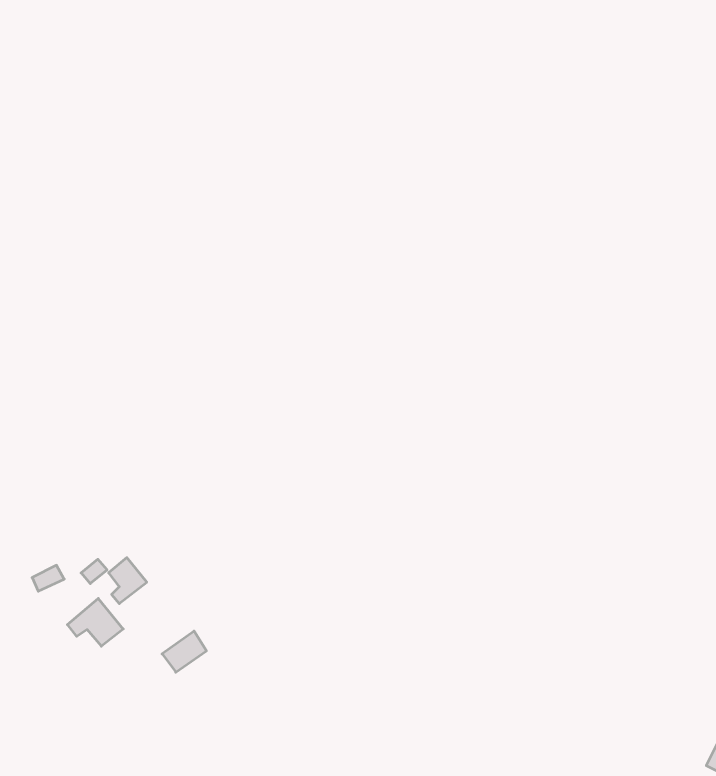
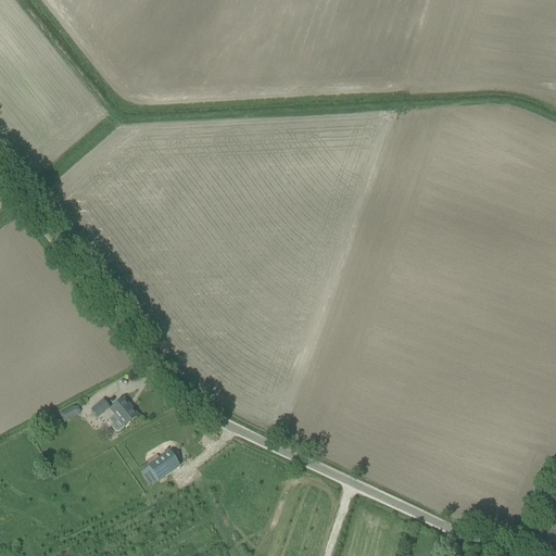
building: [67,598,123,646] -> none

